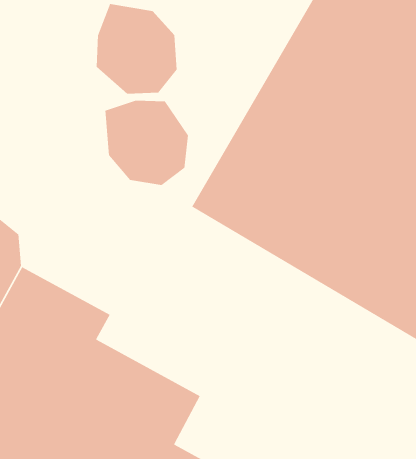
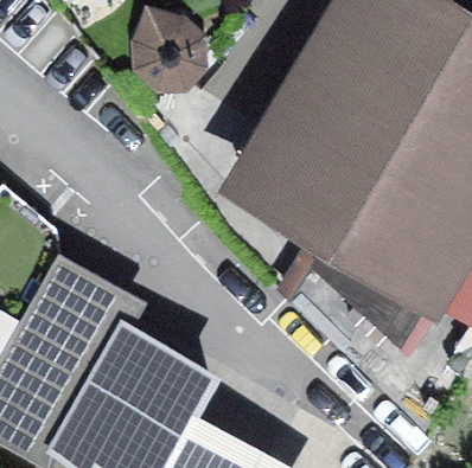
building: [104,100,189,186] -> none

